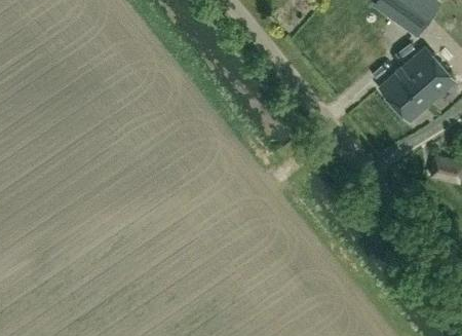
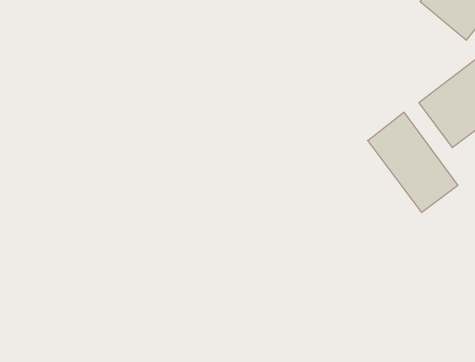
building: none -> [368,112,458,213]

